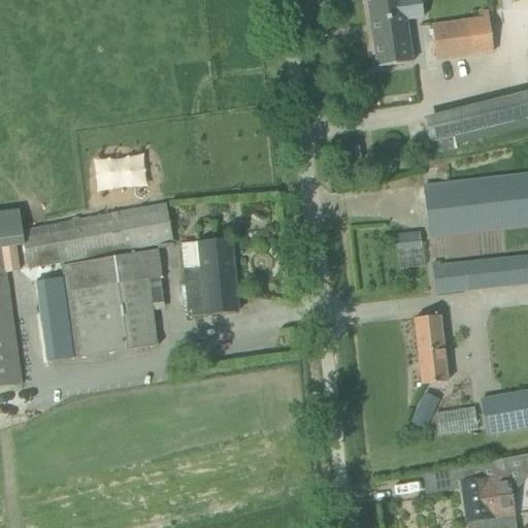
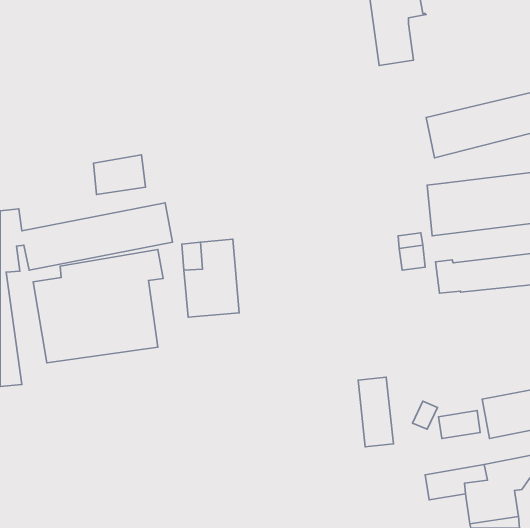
building: [431,9,493,59] -> none
building: [415,314,450,383] -> [358,377,393,447]

